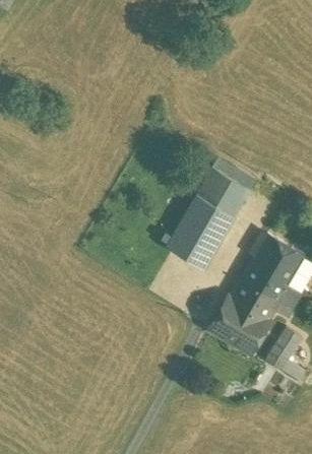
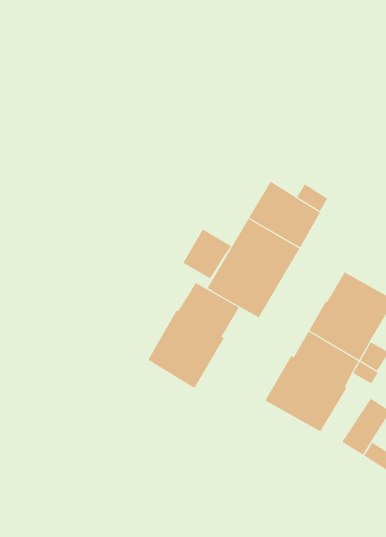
building: none -> [183,228,232,279]
building: none -> [148,282,239,389]

